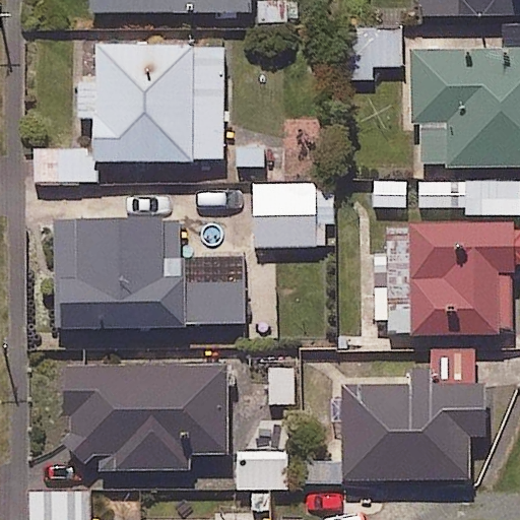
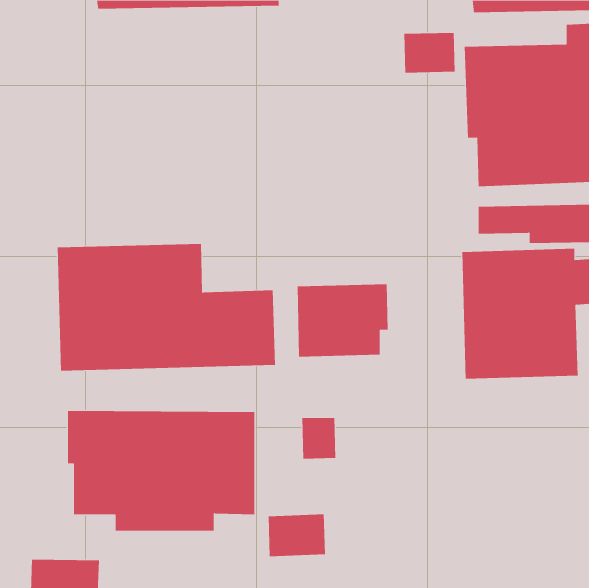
building: [36,42,224,184] -> none
building: [253,184,333,248] -> [297,284,389,357]
building: [340,349,482,479] -> none

